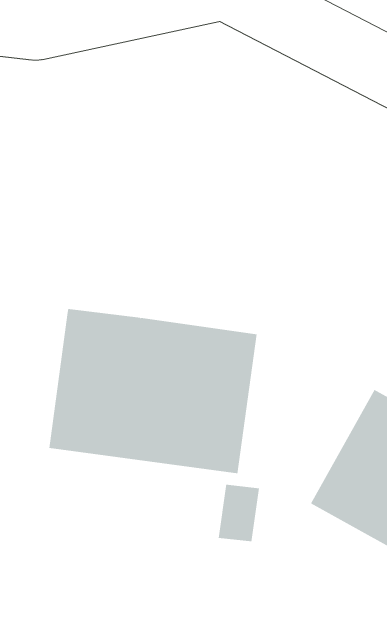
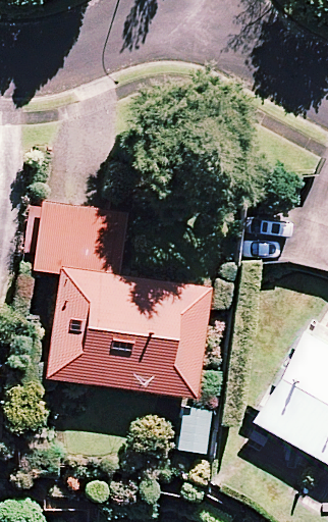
building: none -> [34,201,127,274]

